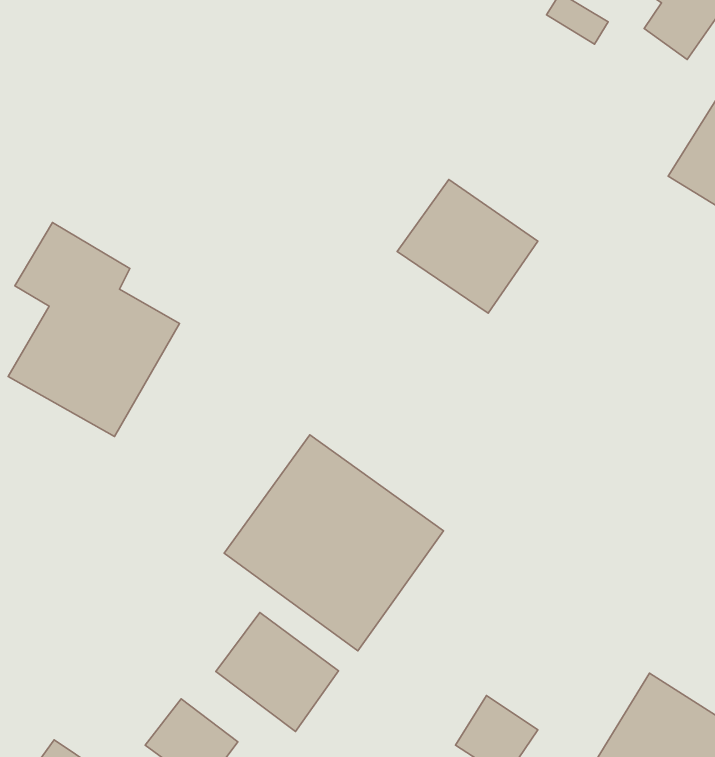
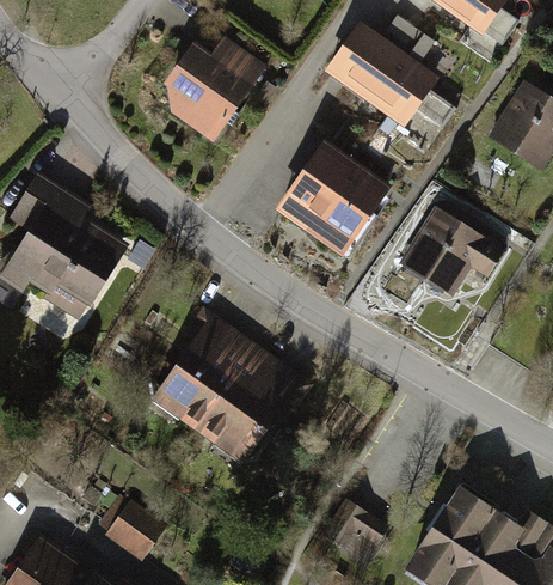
building: none -> [328,31,451,134]
building: none -> [173,39,266,146]
building: none -> [377,199,492,299]
building: [216,613,339,731] -> none

